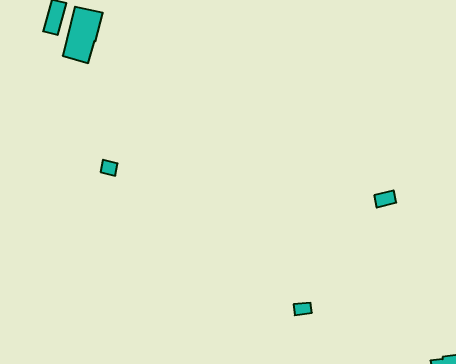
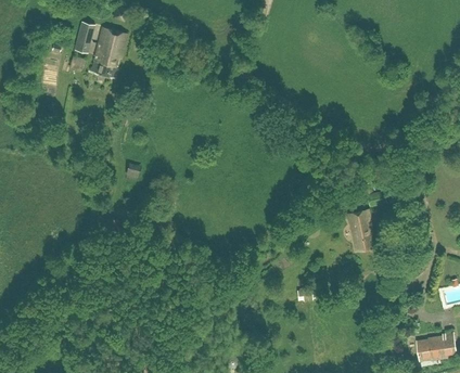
building: none -> [347,209,375,250]

